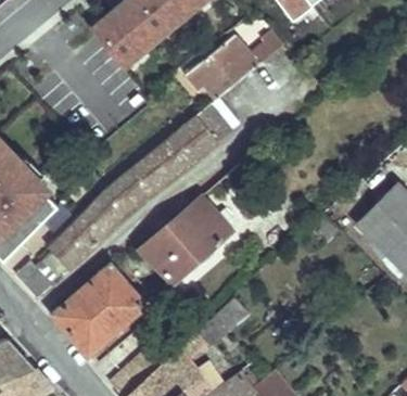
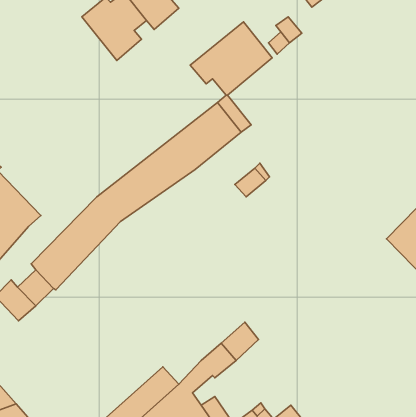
building: [140,196,232,283] -> none
building: [53,266,145,356] -> none

